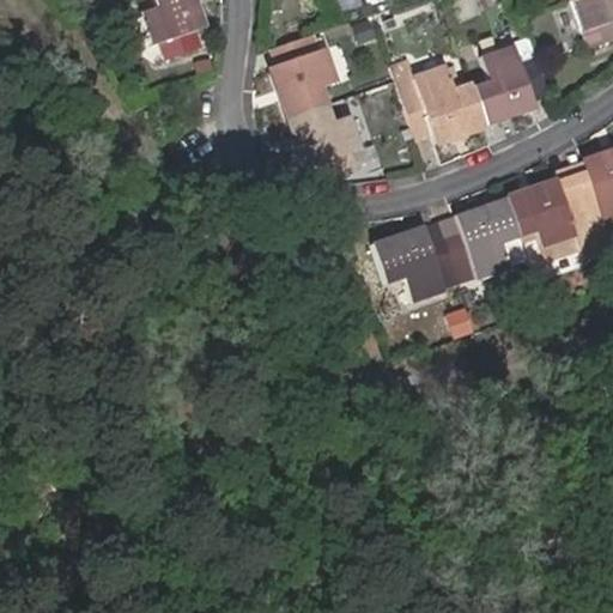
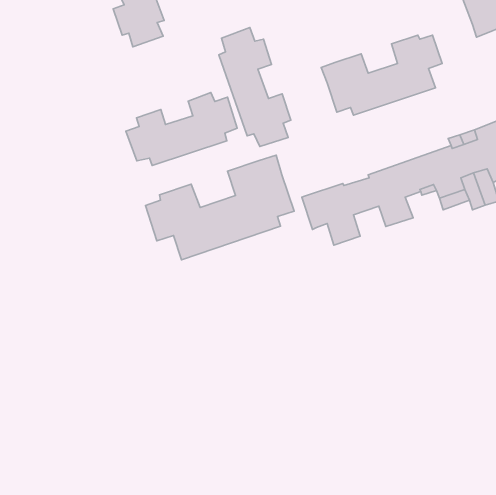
building: none -> [126,93,237,165]
building: none -> [145,155,294,260]

